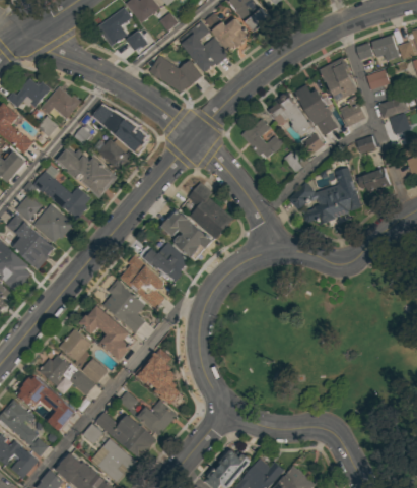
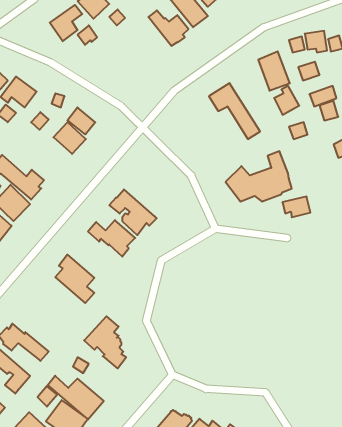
building: [177,20,227,72] -> none
building: [147,55,201,93] -> none
building: [293,83,337,136] -> none
building: [242,118,284,160] -> none
building: [52,147,116,199] -> none
building: [358,169,389,191] -> [282,197,310,217]
building: [186,182,232,240] -> none
building: [119,255,163,309] -> none
building: [78,305,130,361] -> none
building: [57,328,107,384] -> none
building: [137,400,177,435] -> none

